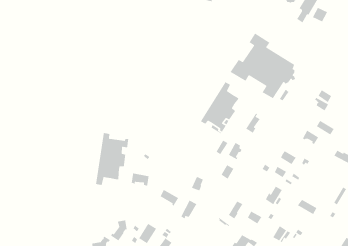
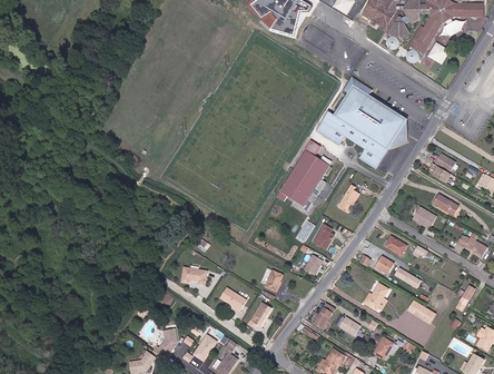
building: [95,132,129,186] -> none

